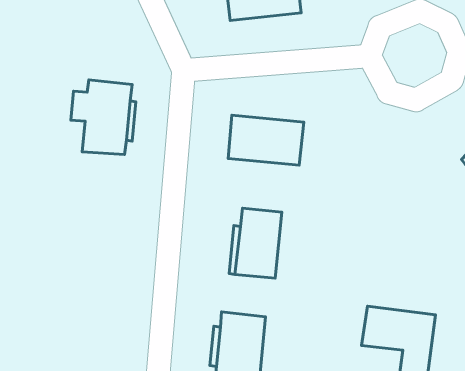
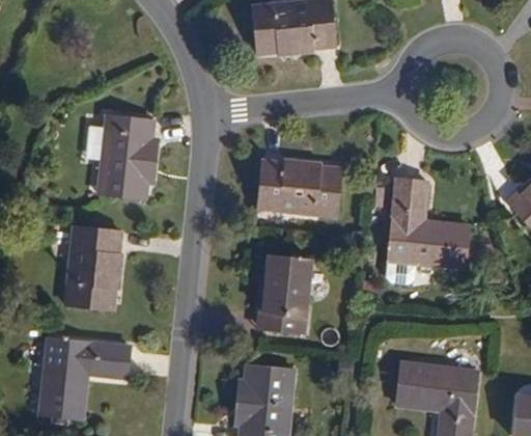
building: none -> [390,181,469,269]
building: none -> [65,229,120,309]
building: none -> [41,339,129,419]

